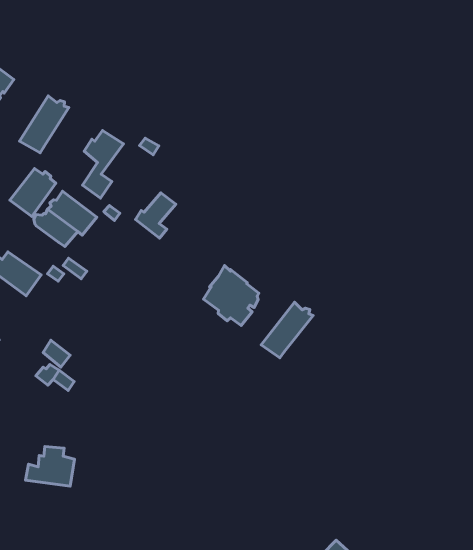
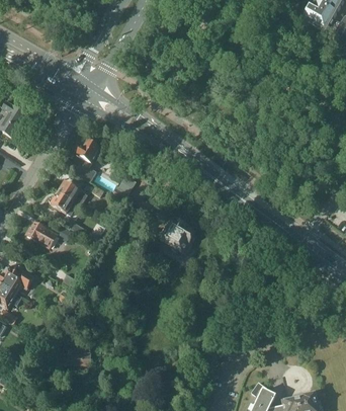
building: [19,96,69,153] -> none
building: [10,168,56,217] -> none
building: [261,302,313,358] -> none

